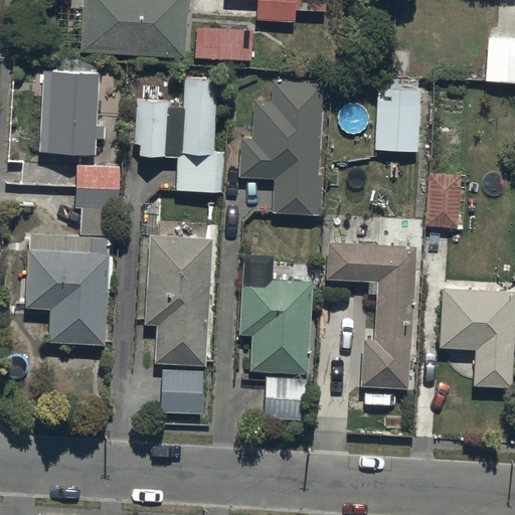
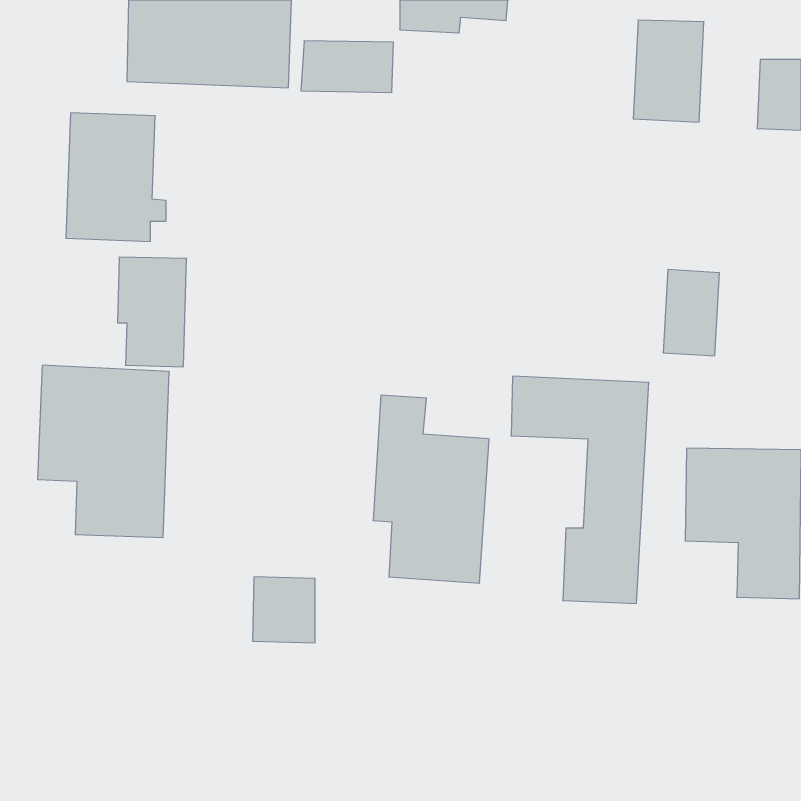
building: [135,77,222,192] -> none
building: [240,82,322,213] -> none
building: [375,87,420,152] -> [633,20,704,122]
building: [144,235,211,366] -> none
building: [263,376,302,419] -> none

